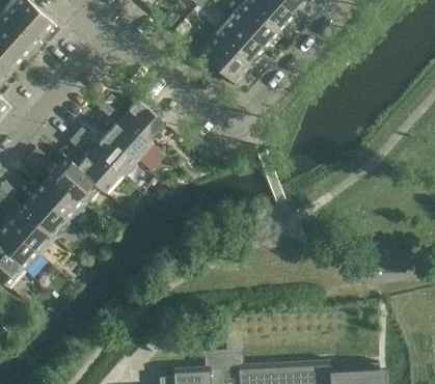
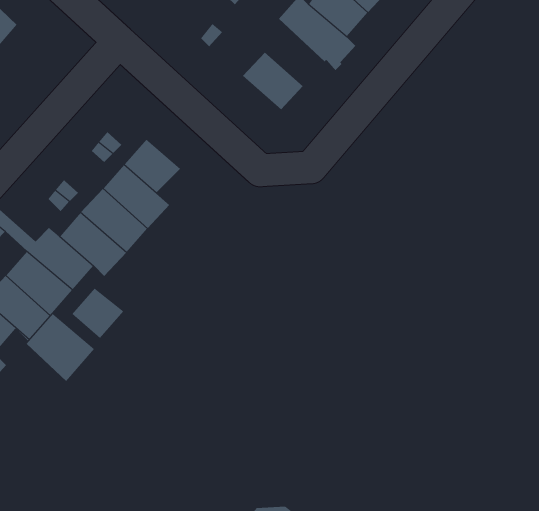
building: [213,18,261,64] -> none
building: none -> [71,277,124,339]
building: none -> [26,313,95,382]

